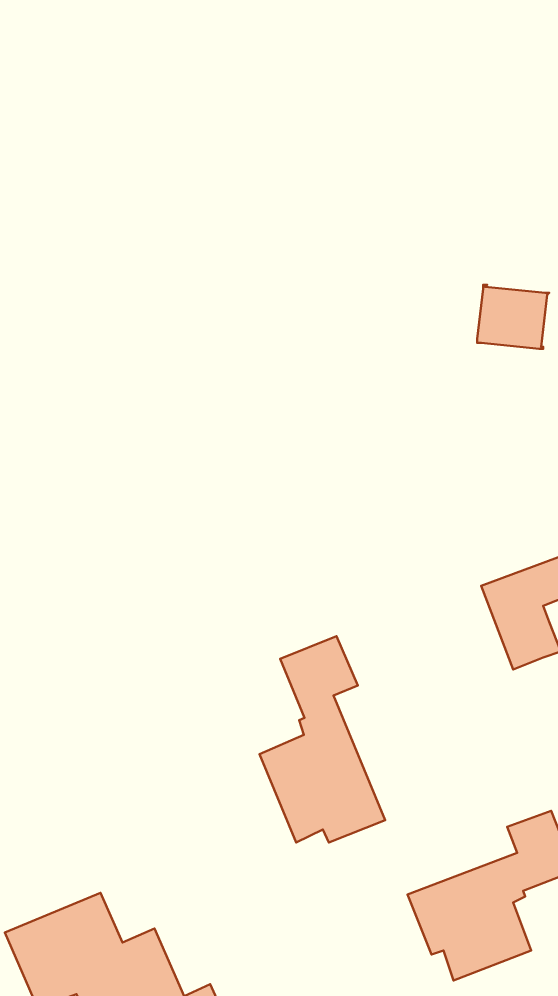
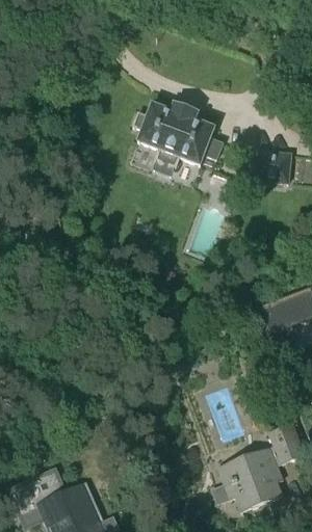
building: none -> [133,104,224,167]
building: [260,636,385,843] -> none

